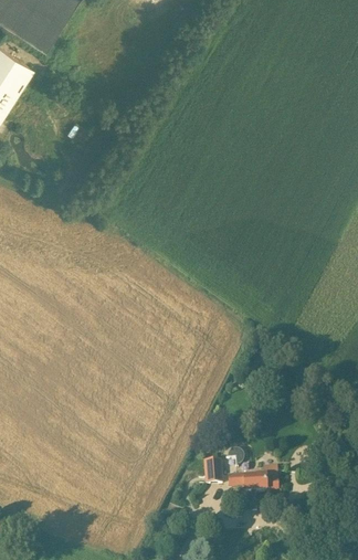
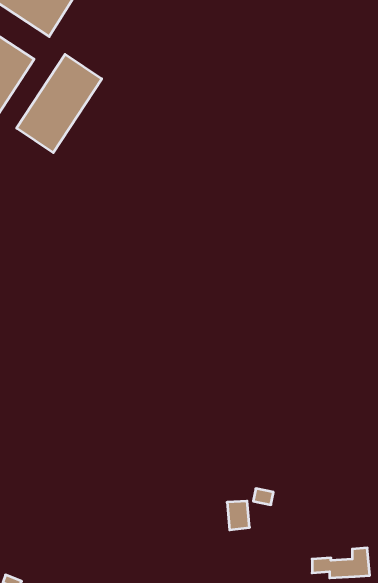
building: none -> [17,54,102,153]
building: [229,466,280,493] -> [312,548,370,578]

